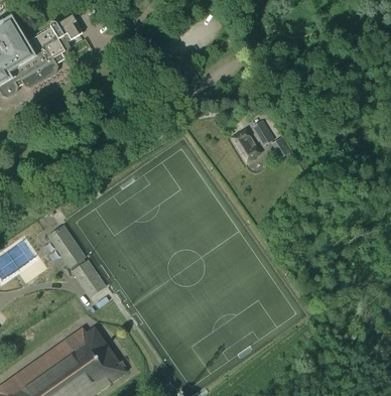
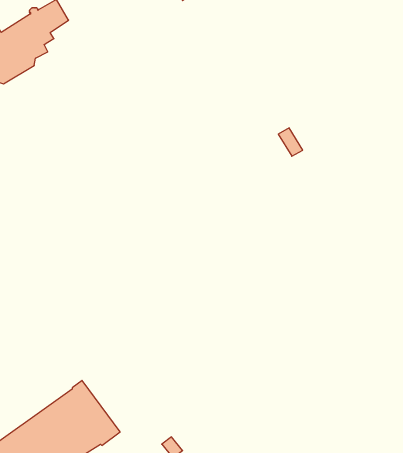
building: [233,127,262,159] -> none
building: [49,225,105,294] -> none

